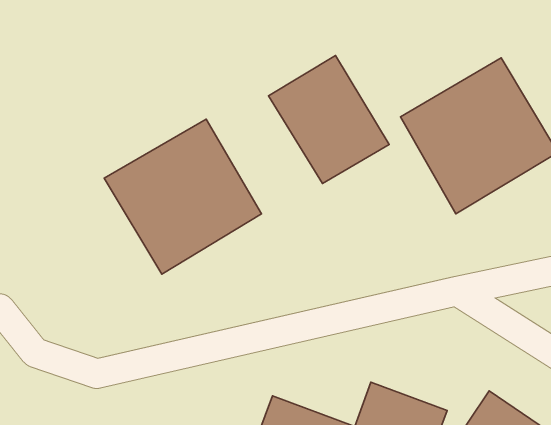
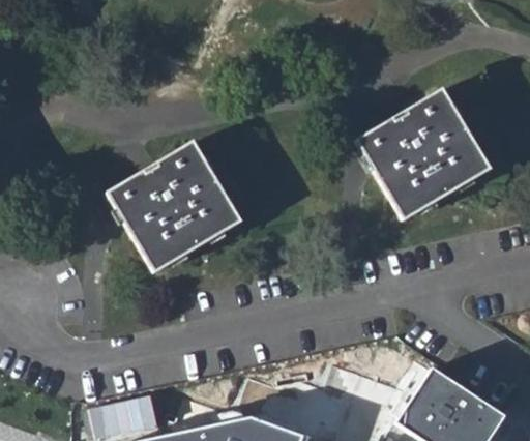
building: [269,56,389,184] -> none

